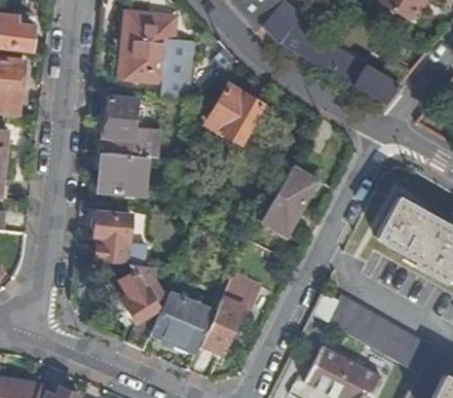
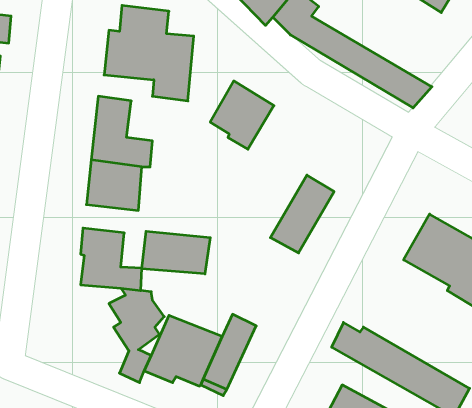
building: none -> [142,231,210,274]

